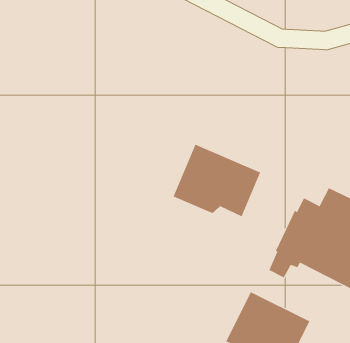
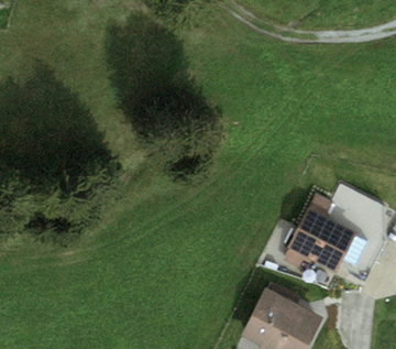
building: [173,144,261,217] -> none

